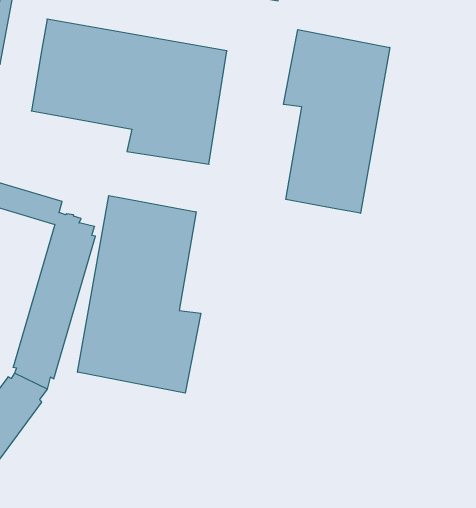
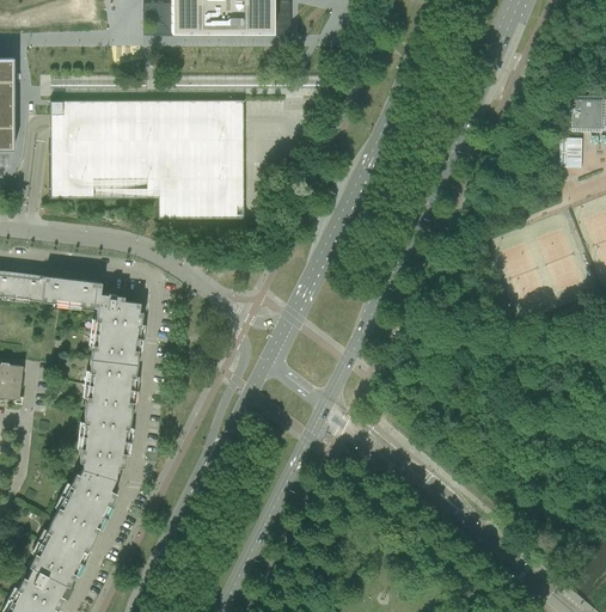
building: [283,30,390,213] -> none
building: [78,196,201,393] -> none

